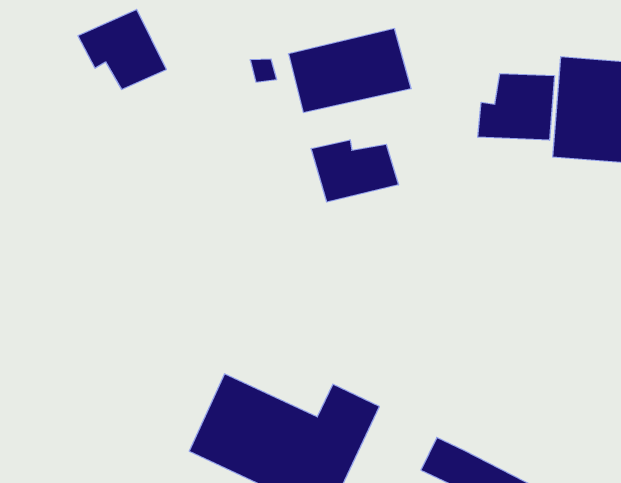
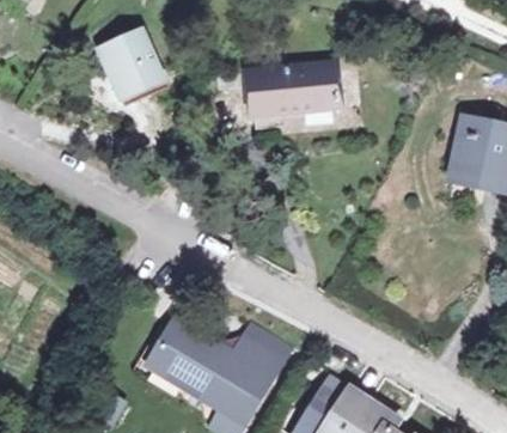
building: [478,74,554,140] -> none
building: [311,140,398,202] -> none

